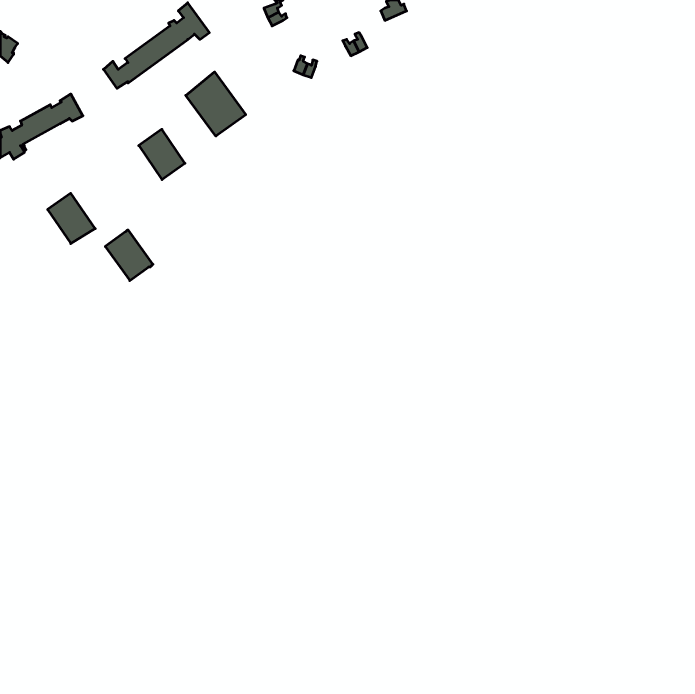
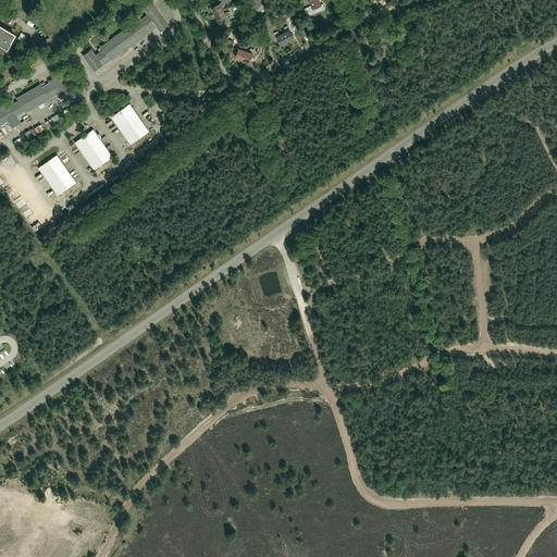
building: [186,72,246,136] -> none
building: [105,230,153,281] -> [74,131,112,171]

